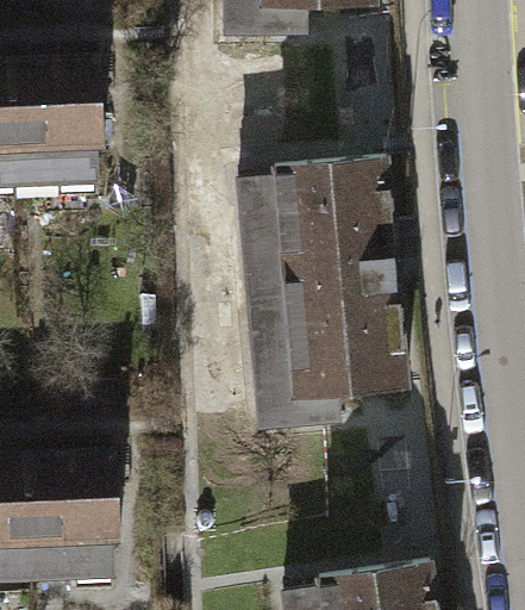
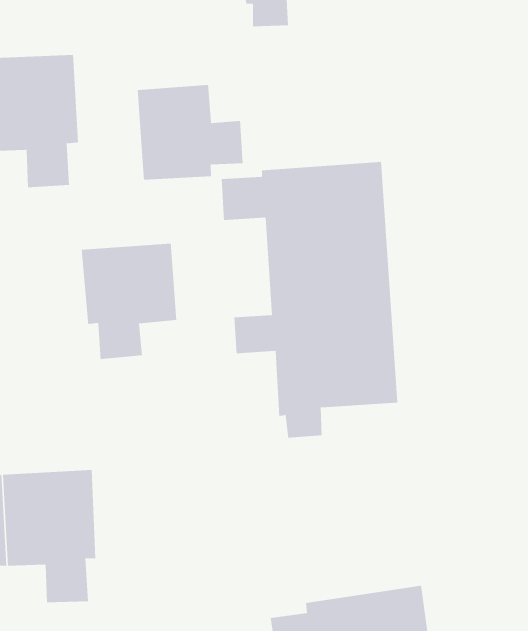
building: none -> [137,84,243,180]
building: none -> [81,243,177,360]

